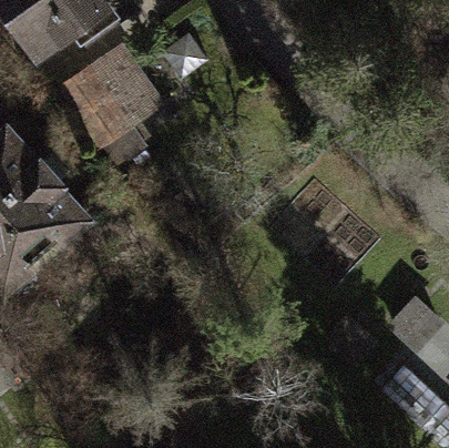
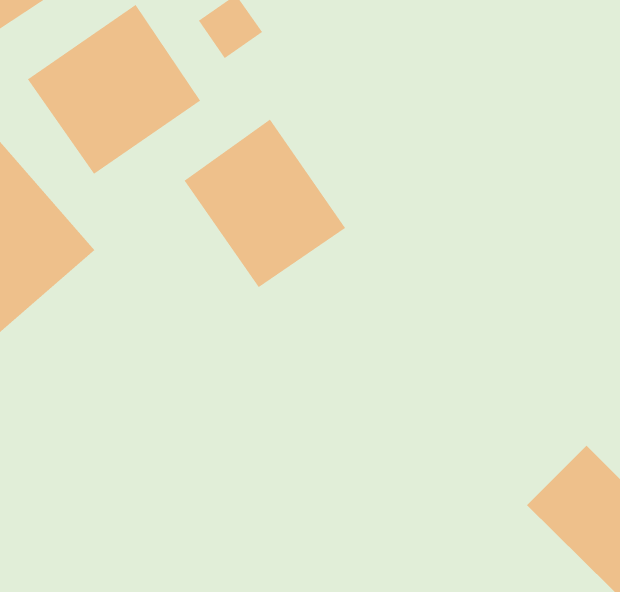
building: none -> [183,118,346,288]

